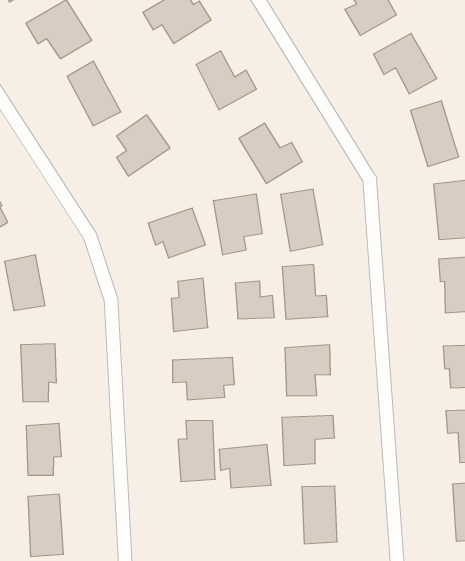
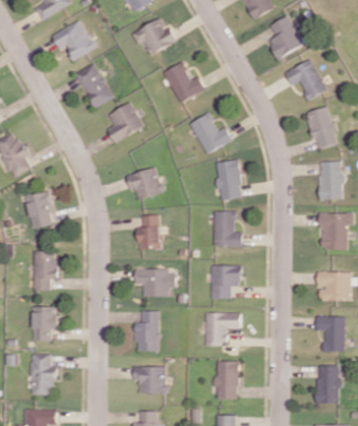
building: [213,194,262,255] -> none
building: [236,281,274,319] -> none
building: [219,445,271,488] -> [133,366,167,393]

